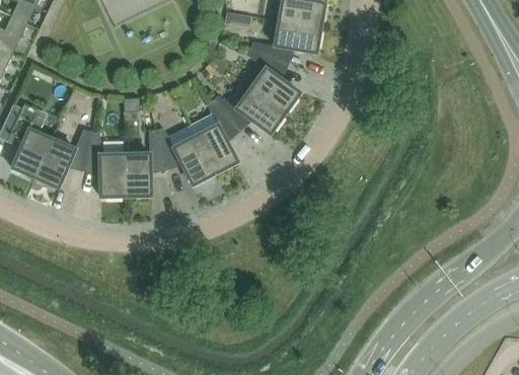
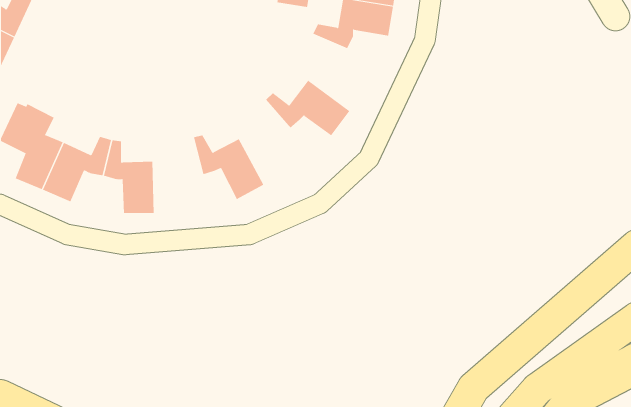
building: [250,50,299,113] -> none
building: [192,103,237,172] -> none
building: [125,134,165,196] -> none

